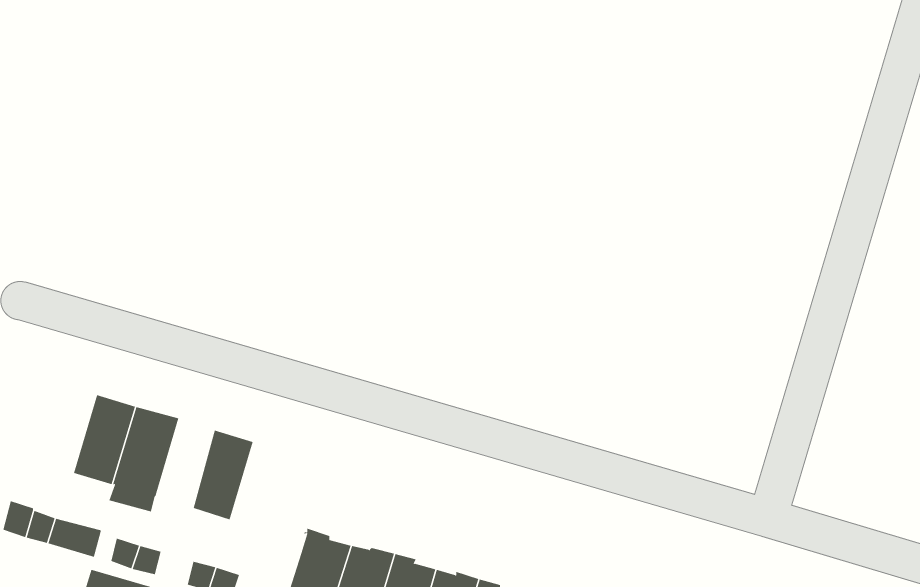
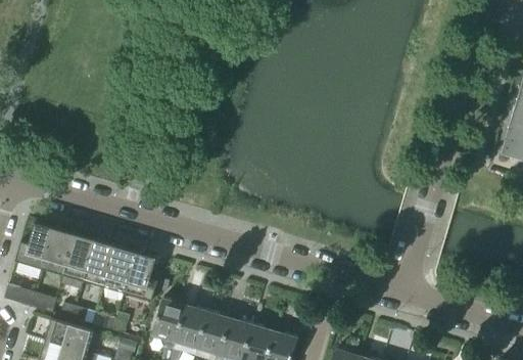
building: none -> [15,223,53,269]
building: none -> [84,240,114,287]
building: none -> [123,253,157,302]

